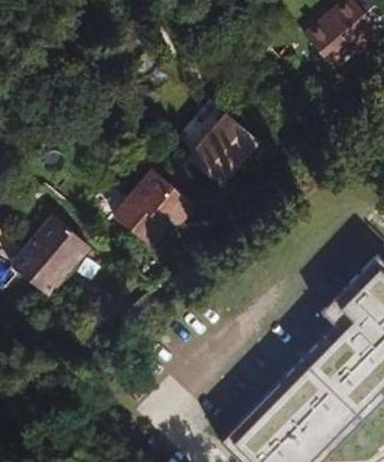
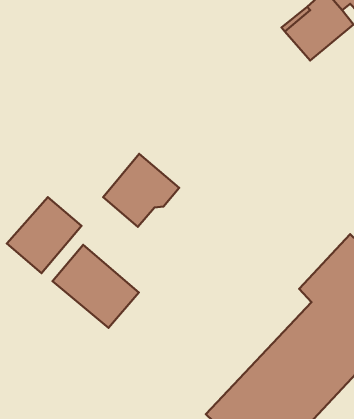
building: [173,98,261,184] -> none
building: none -> [52,245,139,328]

